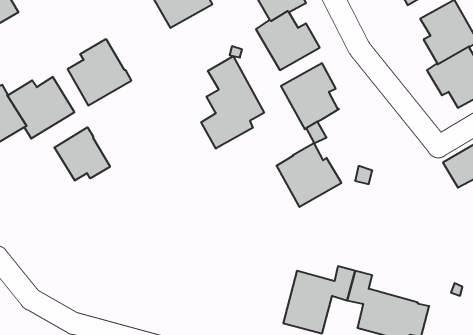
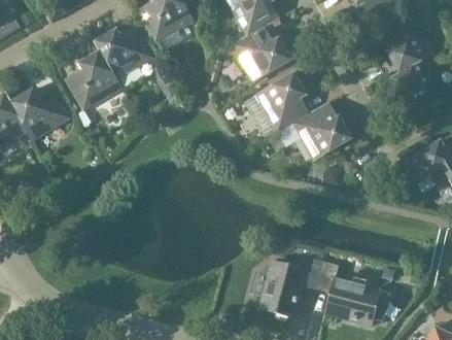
building: none -> [93,26,152,78]
building: [201,56,264,149] -> none
building: [54,127,110,181] -> none
building: [276,143,341,207] -> [293,102,352,160]

